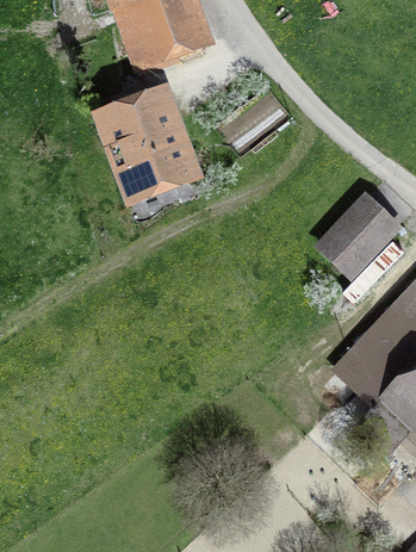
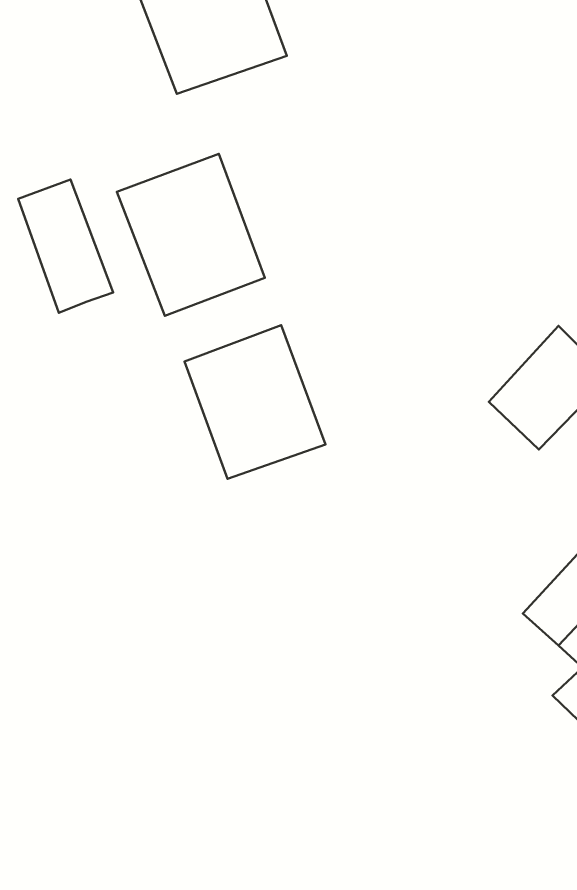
building: none -> [18,179,113,313]
building: none -> [184,325,326,479]

